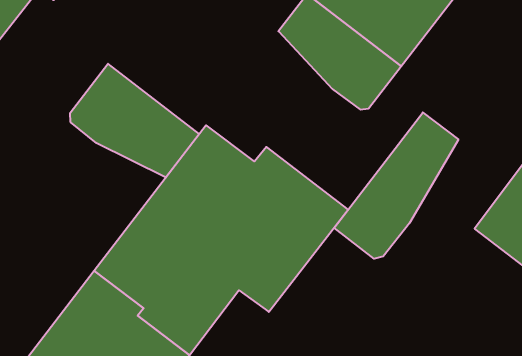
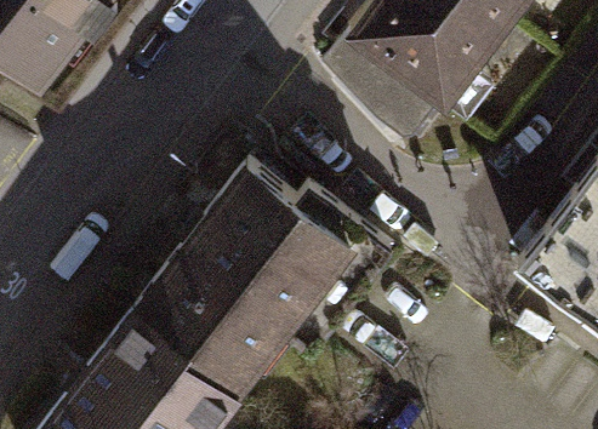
building: [70,64,199,178] -> none
building: [334,112,458,259] -> none

